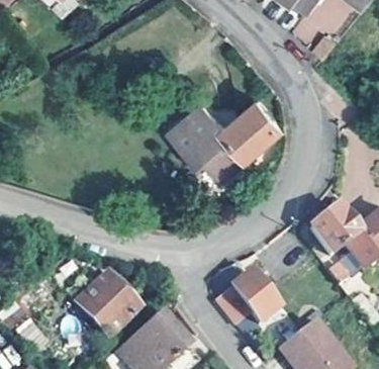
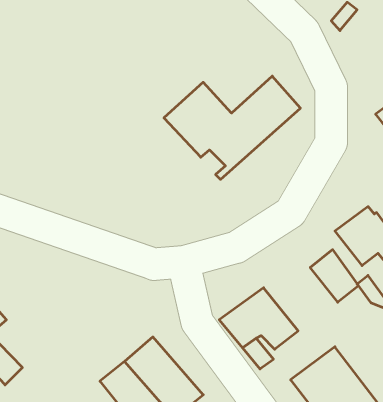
building: none -> [310,250,358,302]
building: [73,272,138,336] -> none

